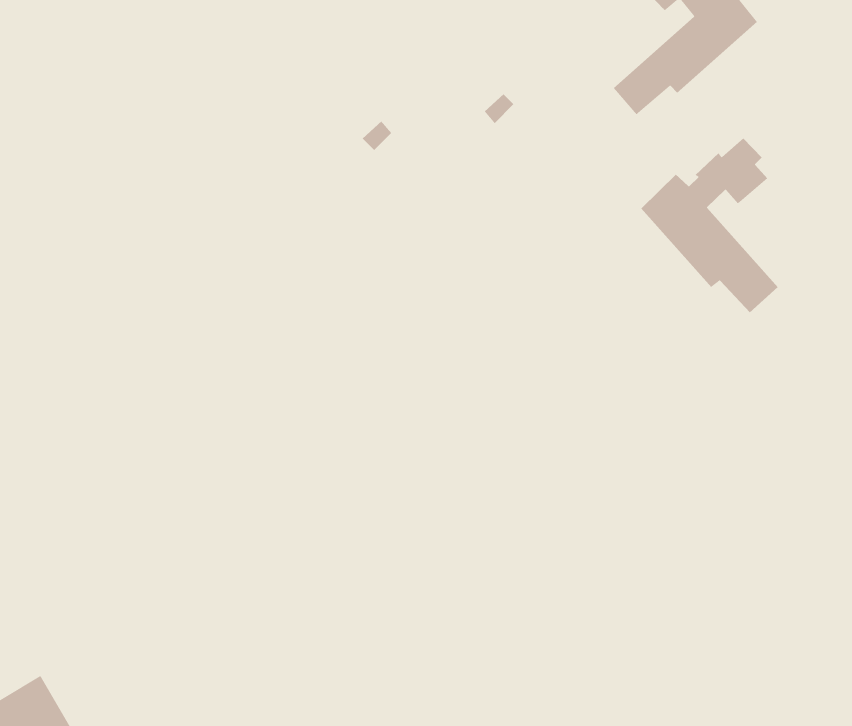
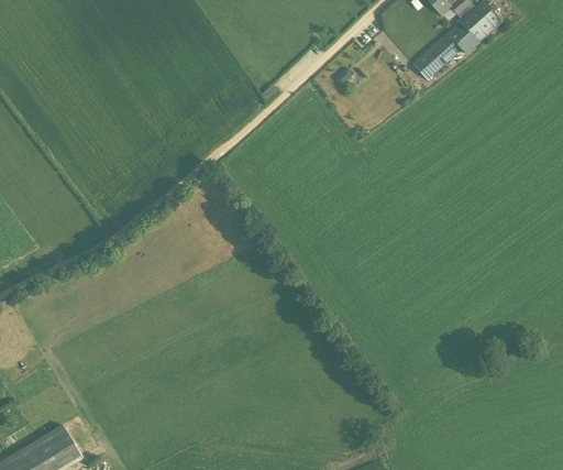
building: [641,138,778,313] -> none

